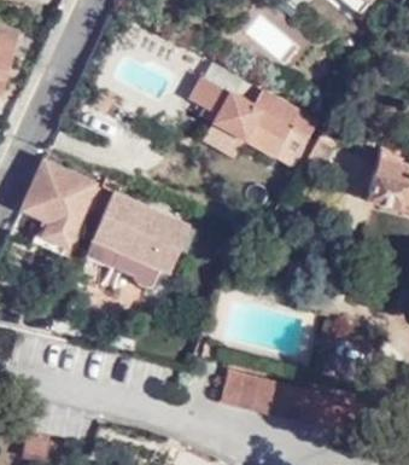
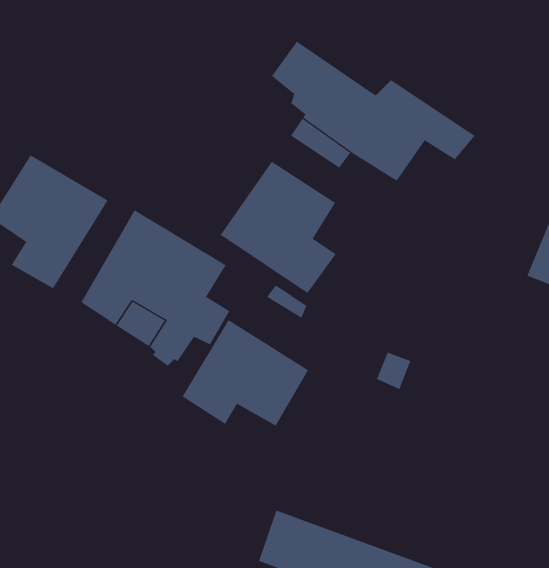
building: none -> [220,161,336,294]
building: none -> [182,319,309,426]

